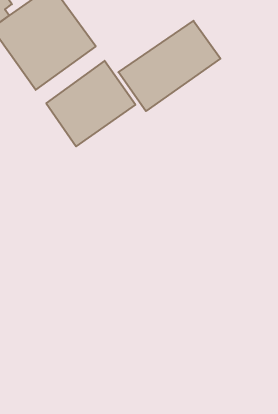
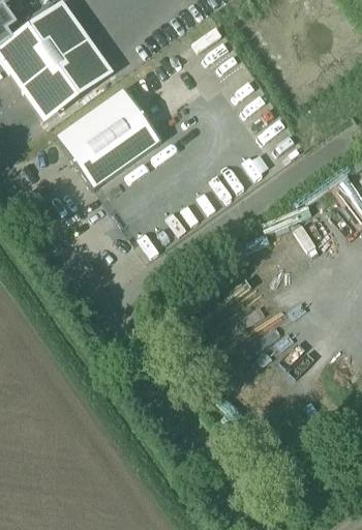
building: [118,21,220,111] -> none

